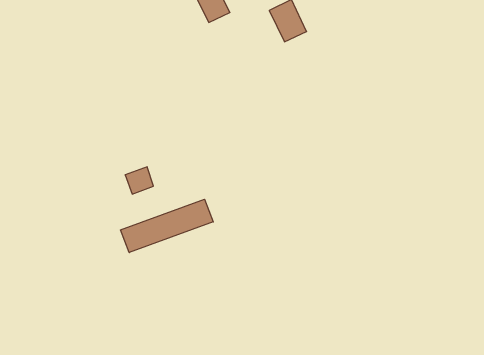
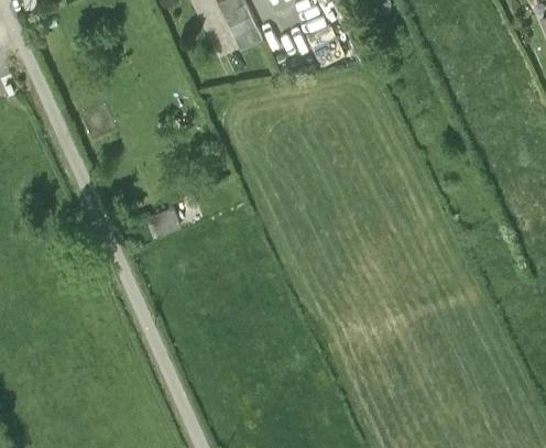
building: [120,199,213,253] -> none

